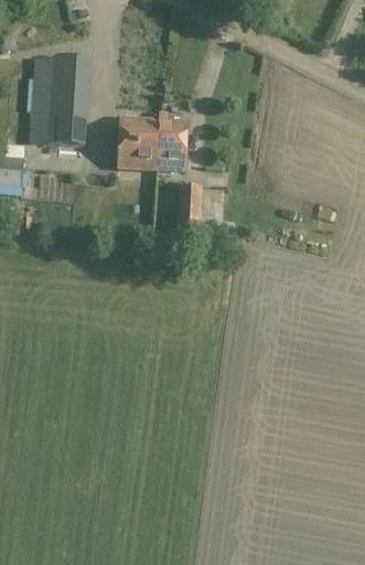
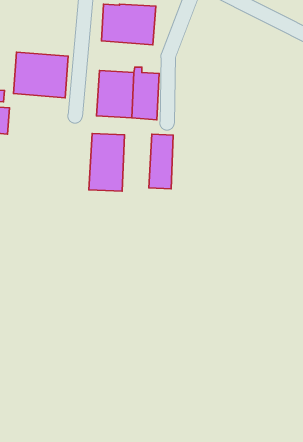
building: [31,56,90,100] -> [101,4,156,45]
building: none -> [89,133,124,191]

